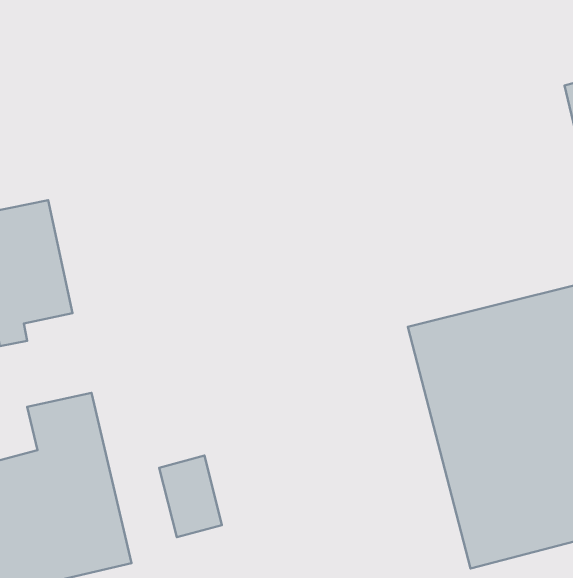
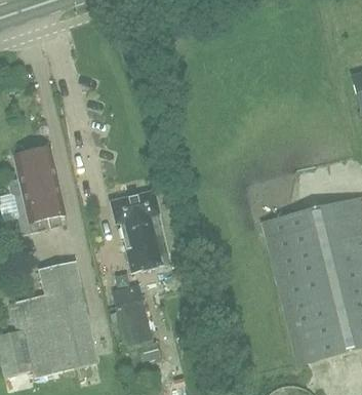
building: none -> [110,190,174,283]

